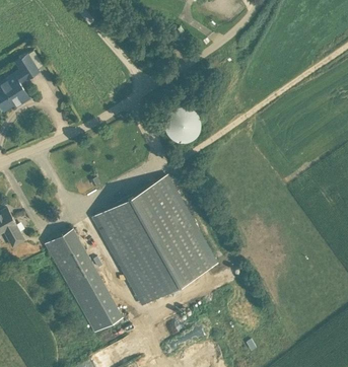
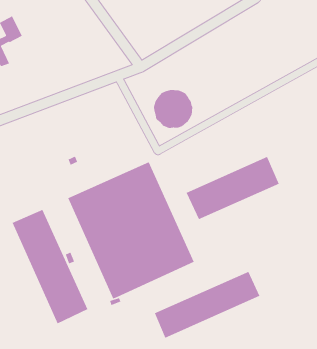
building: none -> [186,156,280,220]
building: none -> [154,271,260,339]

